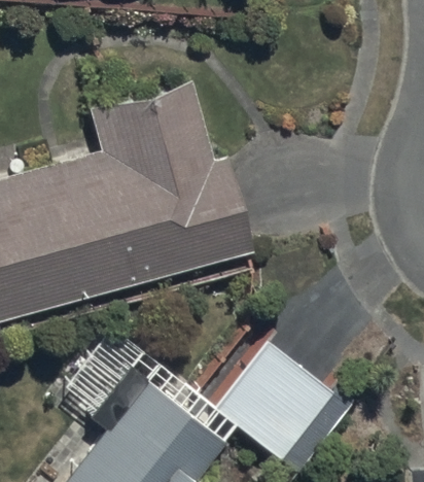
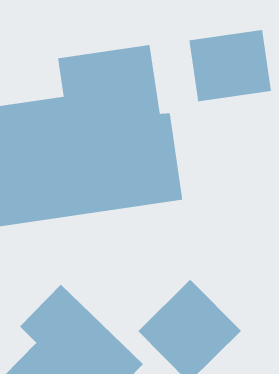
building: none -> [189,29,272,102]

